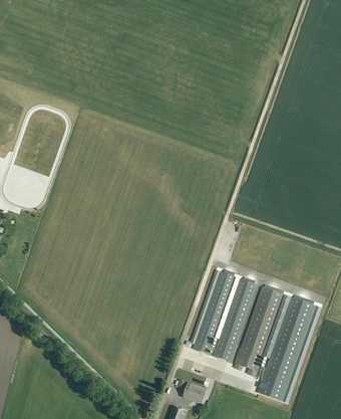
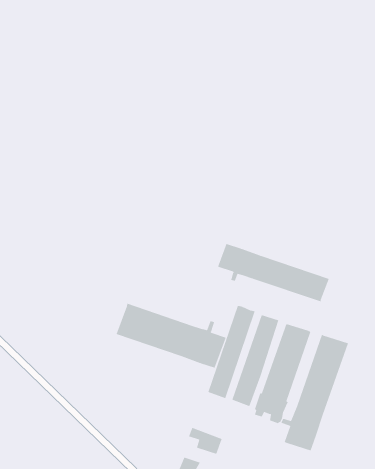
building: none -> [218,243,329,302]
building: none -> [116,303,226,369]

